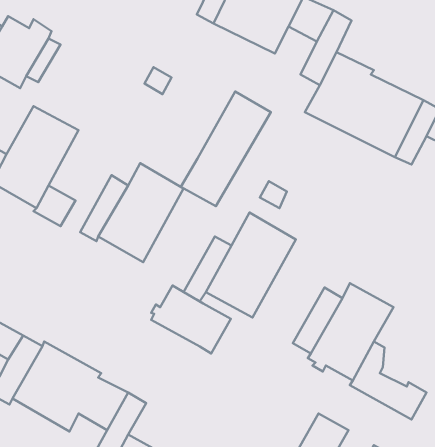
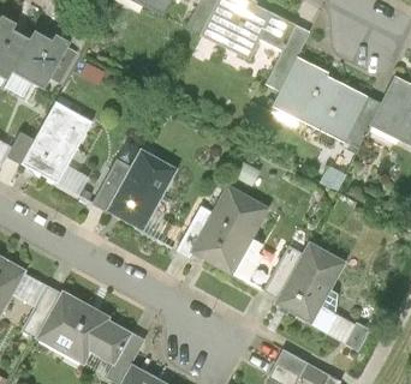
building: [181,92,271,206] -> none
building: [151,286,231,354] -> none

